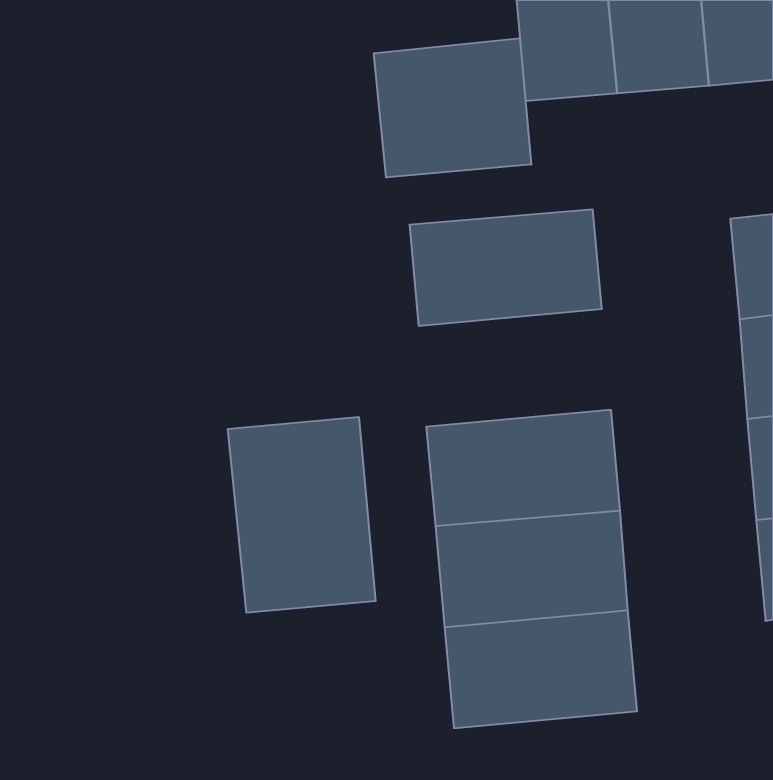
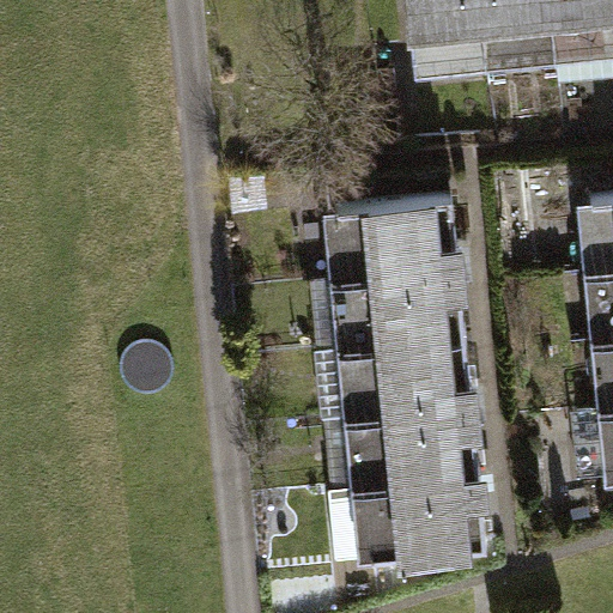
building: [374,38,531,178] -> none
building: none -> [328,243,479,335]
building: [228,417,375,613] -> none

